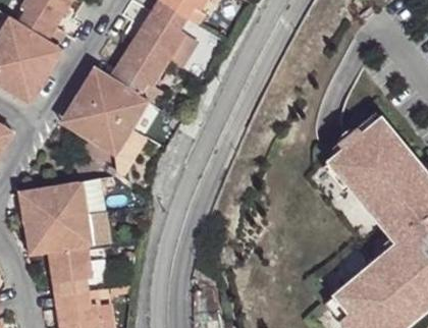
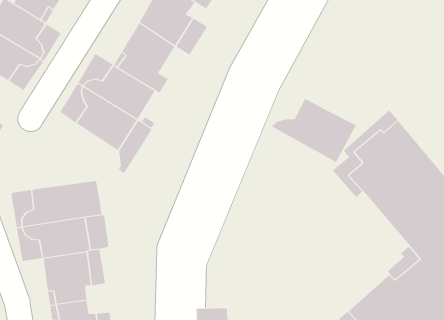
building: none -> [271,98,356,163]

